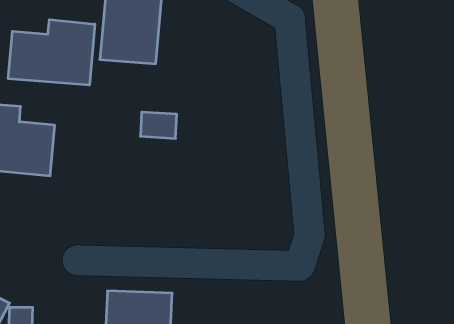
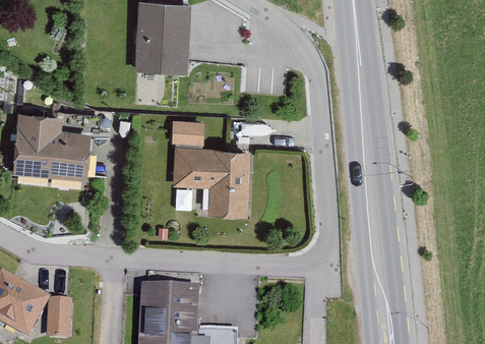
building: [8,20,95,85] -> none
building: none -> [173,147,251,216]

